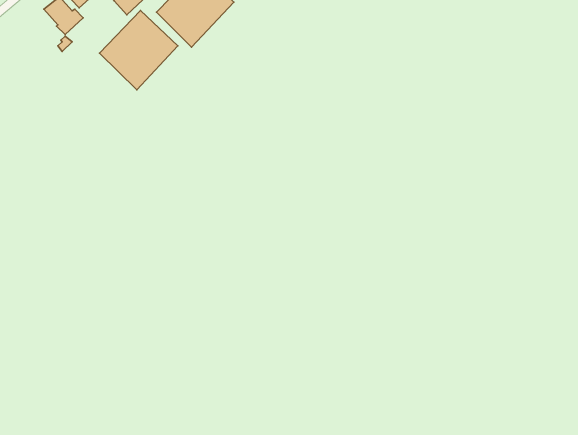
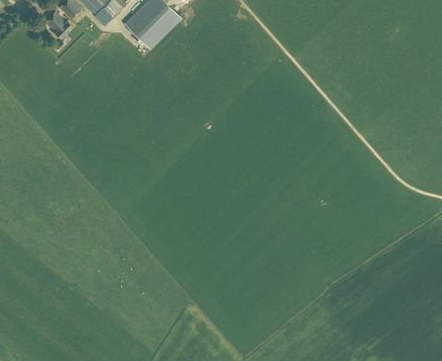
building: [100,10,178,90] -> none

